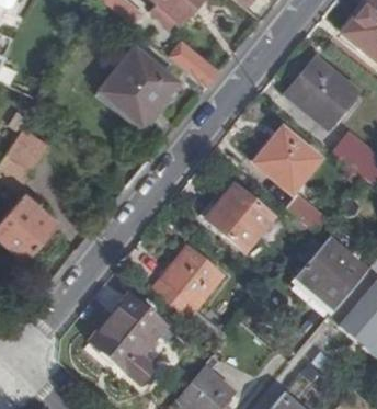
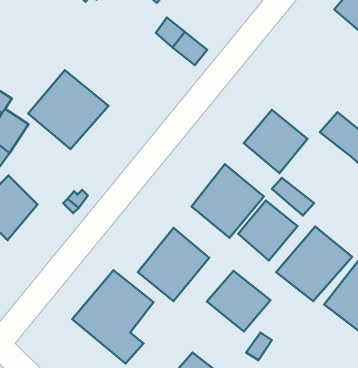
building: [99,46,178,124] -> [28,70,108,149]
building: [288,56,359,126] -> none
building: none -> [238,200,297,261]
building: none -> [207,271,270,331]

